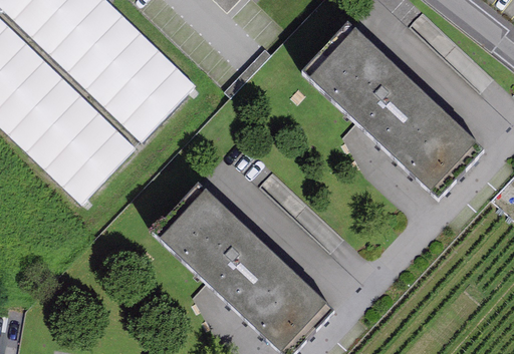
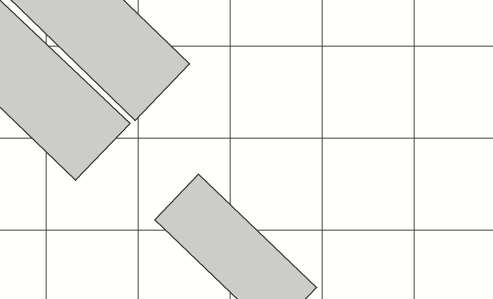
building: [308,32,476,194] -> none

